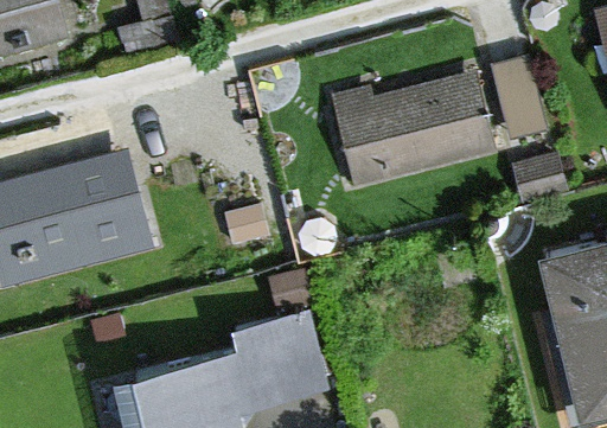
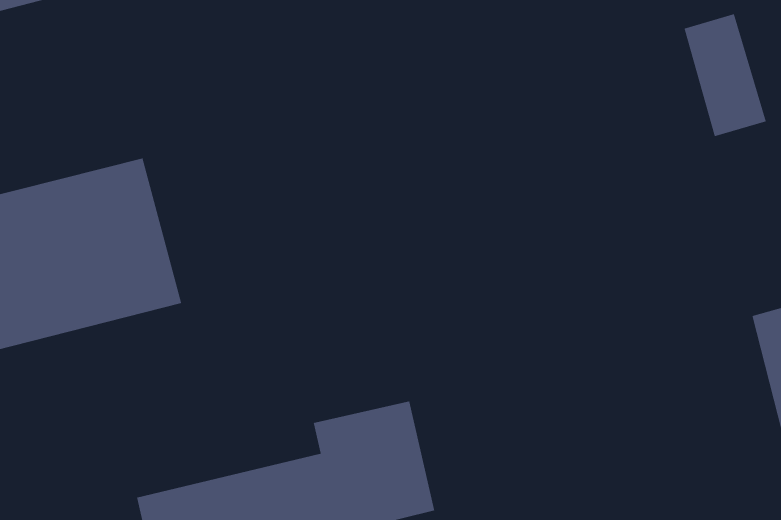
building: [326,60,487,189] -> none

